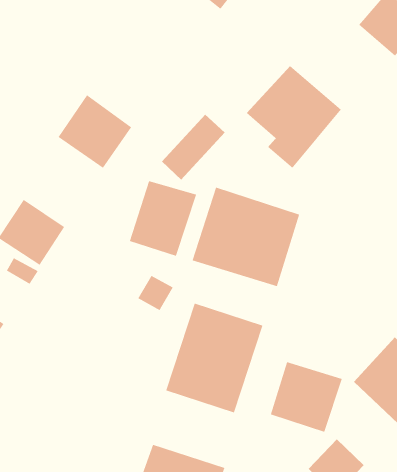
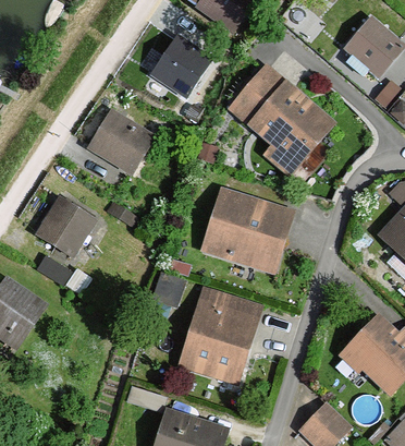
building: none -> [149,38,207,94]
building: [161,114,226,181] -> [231,65,286,123]
building: [129,180,197,257] -> none
building: [270,361,343,433] -> none

